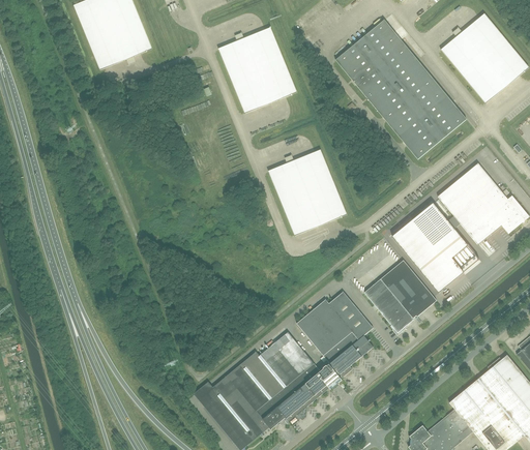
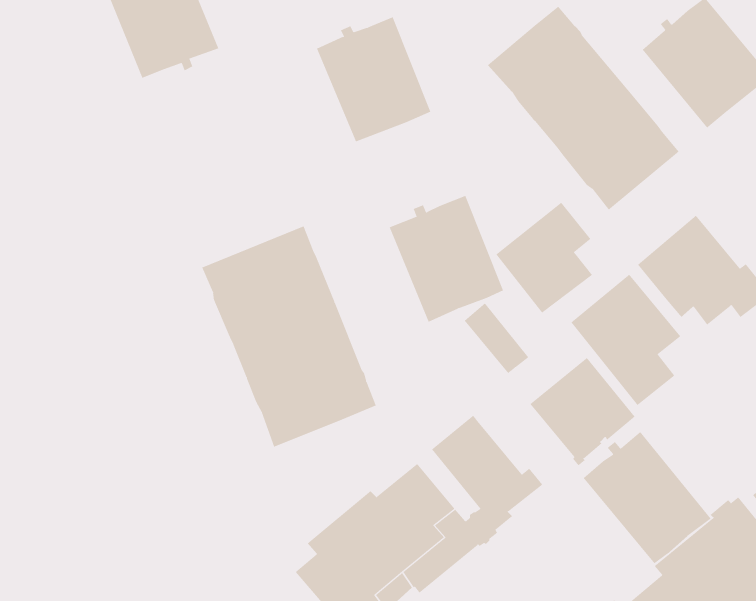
building: none -> [496,202,593,314]
building: none -> [201,225,376,448]
building: [328,290,373,338] -> [464,303,529,374]
building: none -> [583,431,712,564]

